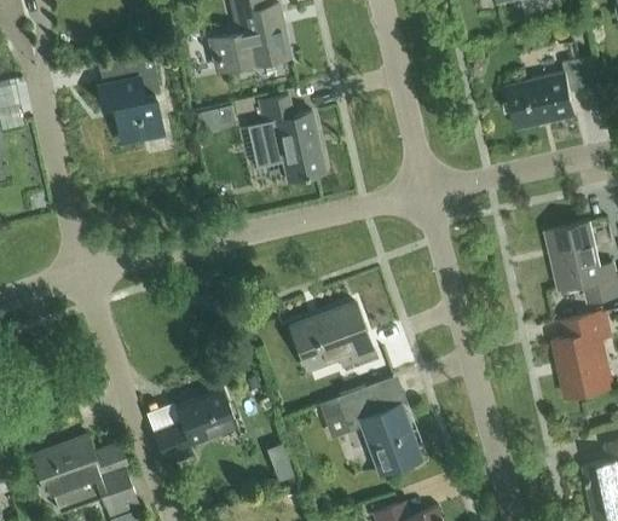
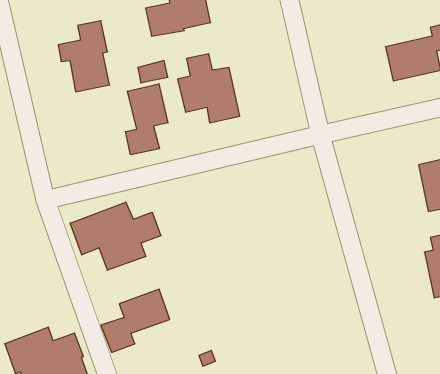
building: none -> [125,84,168,155]
building: none -> [70,202,161,270]
building: [290,303,374,369] -> none
building: [320,382,421,476] -> none

